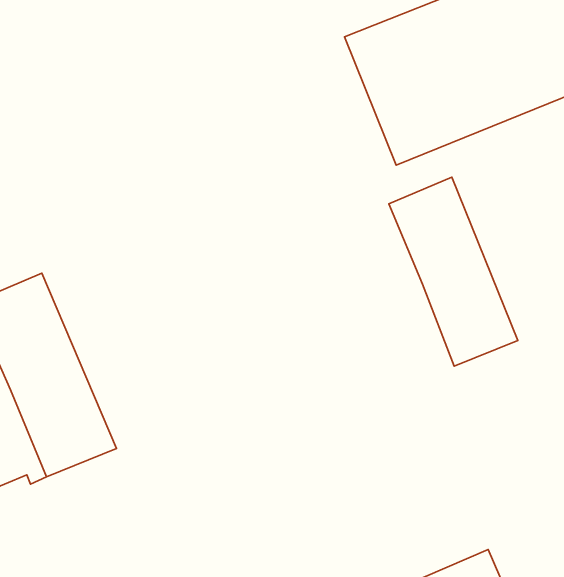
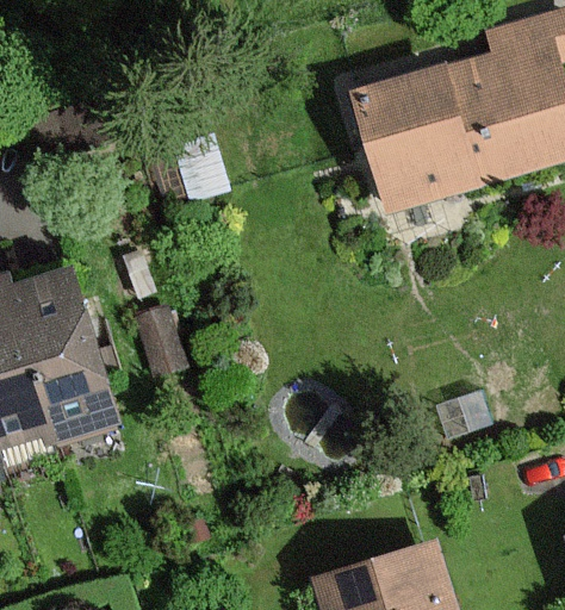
building: [389,177,518,366] -> none

